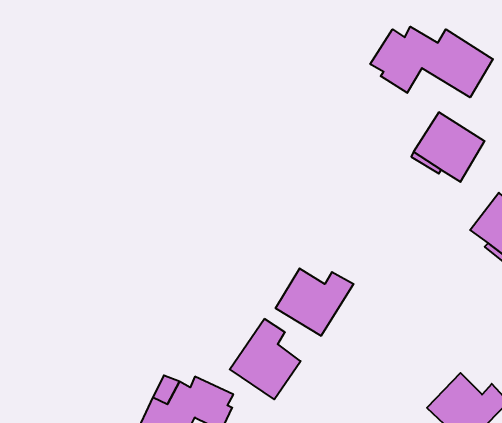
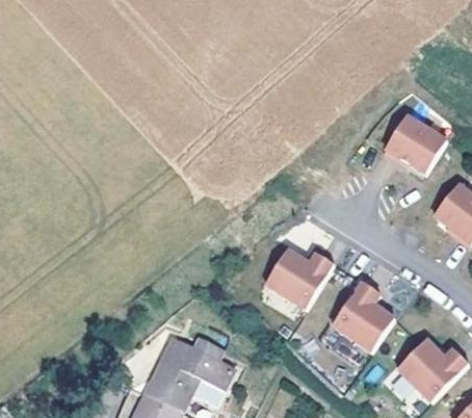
building: [370,27,493,97] -> none
building: [230,319,301,399] -> [332,280,393,349]

